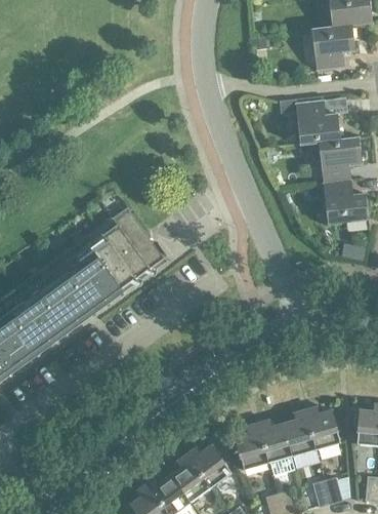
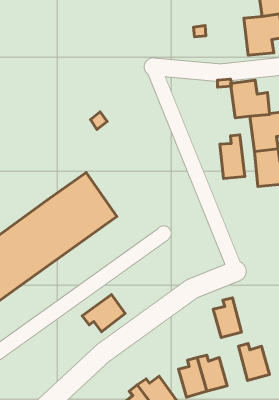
building: none -> [220,135,245,178]
building: none -> [82,295,125,332]
building: [283,411,316,458] -> [213,298,241,337]

